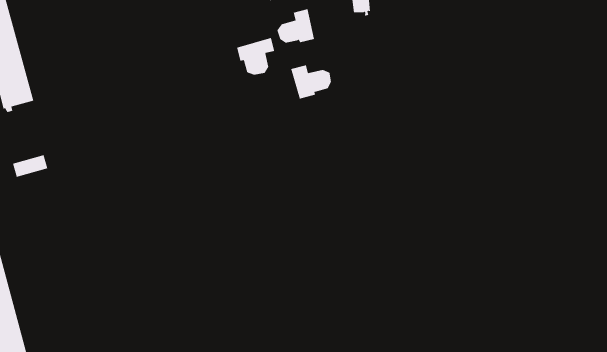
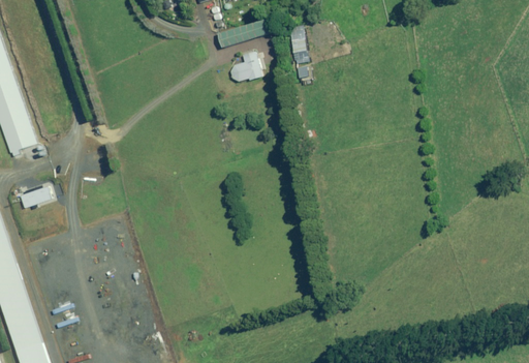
building: [237,37,275,75] -> none
building: [290,64,331,99] -> none

